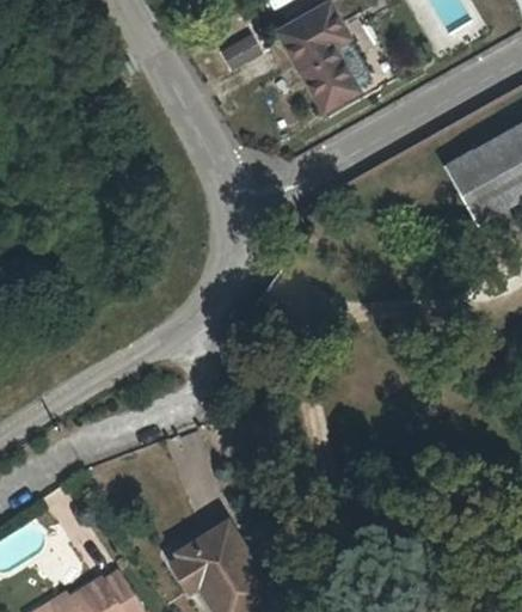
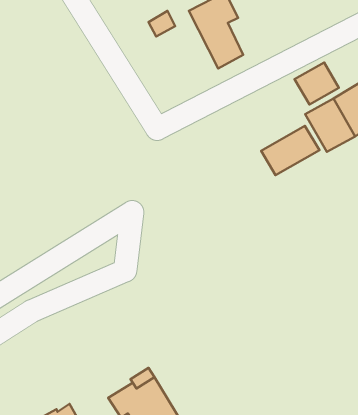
building: none -> [295,62,339,104]
building: none -> [261,126,319,175]

